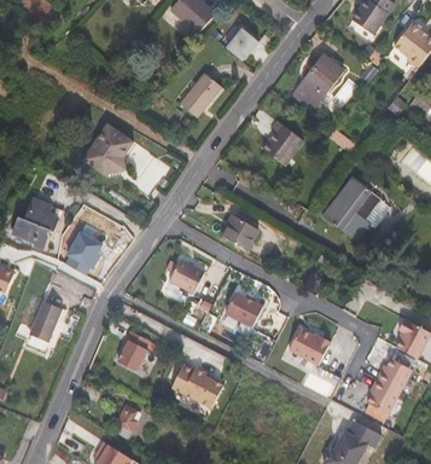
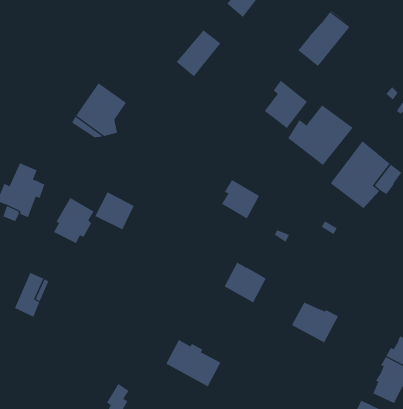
building: none -> [288,105,353,166]
building: [168,257,205,294] -> [94,192,134,230]
building: [116,330,148,371] -> none

